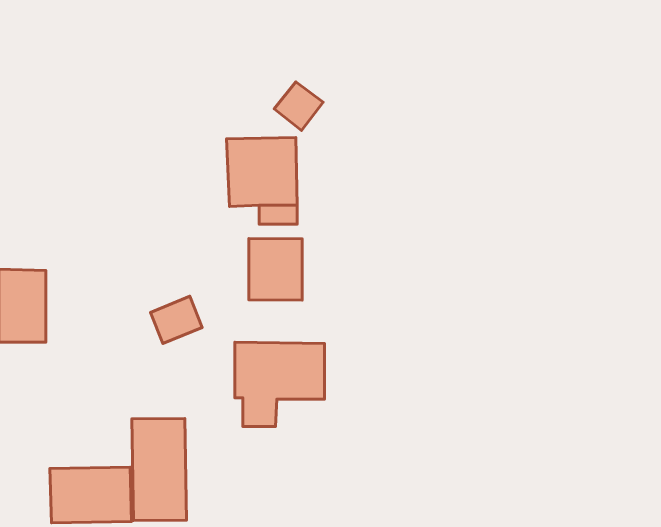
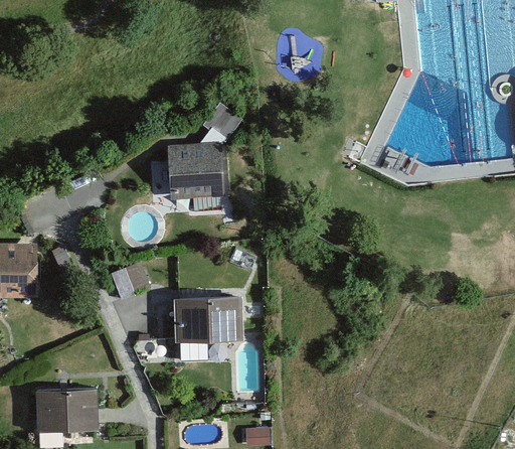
building: [249,239,302,300] -> none
building: [132,419,187,520] -> none

